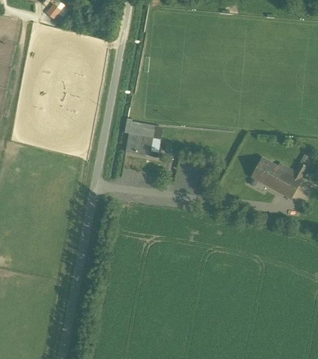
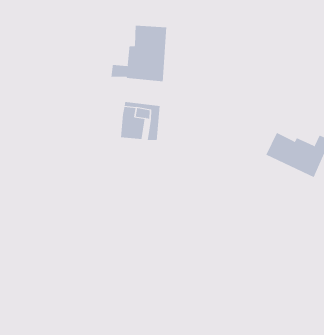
building: none -> [111,25,167,82]

